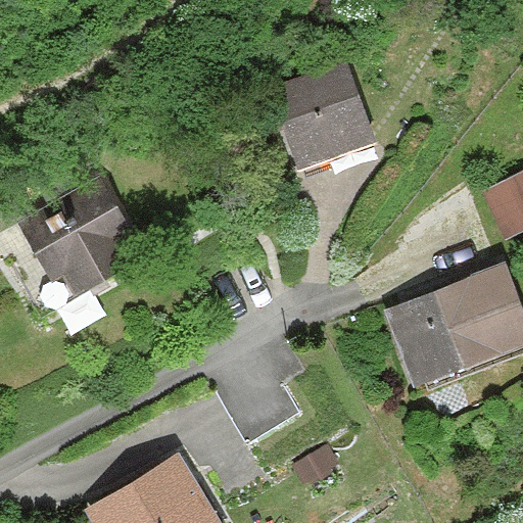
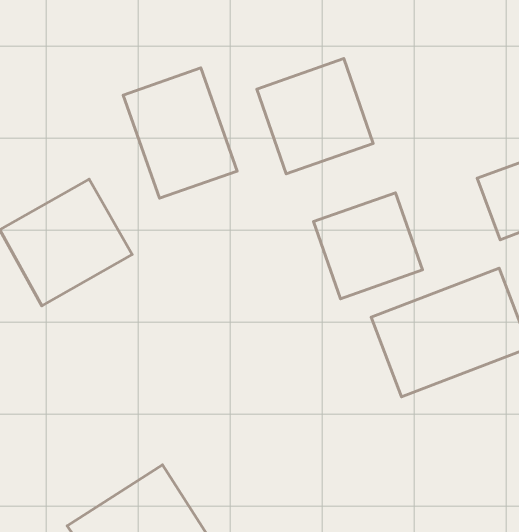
building: none -> [123,68,237,198]
building: none -> [314,193,423,299]

